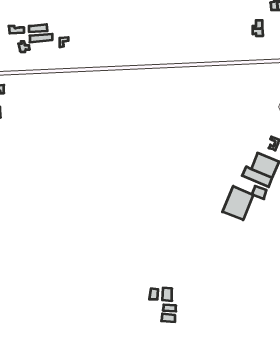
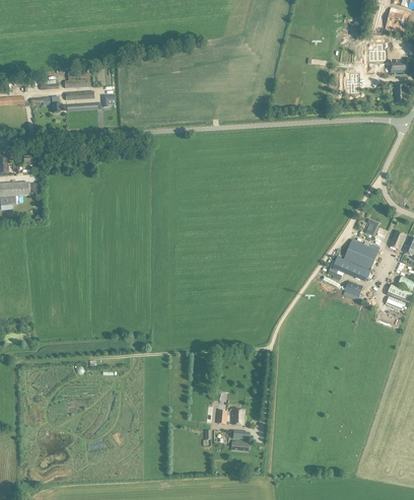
building: [222,186,253,220] -> none

